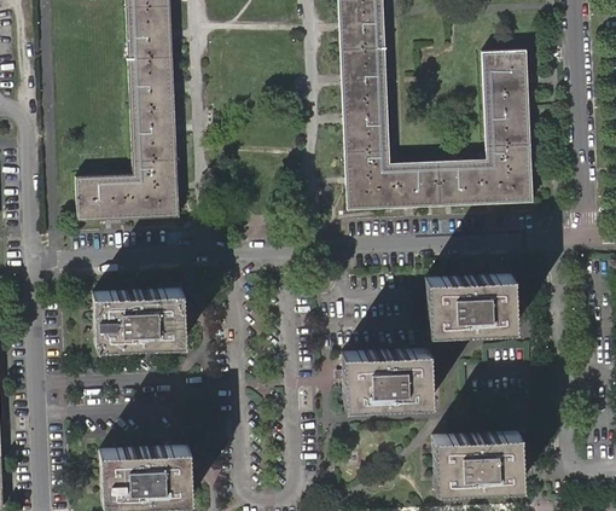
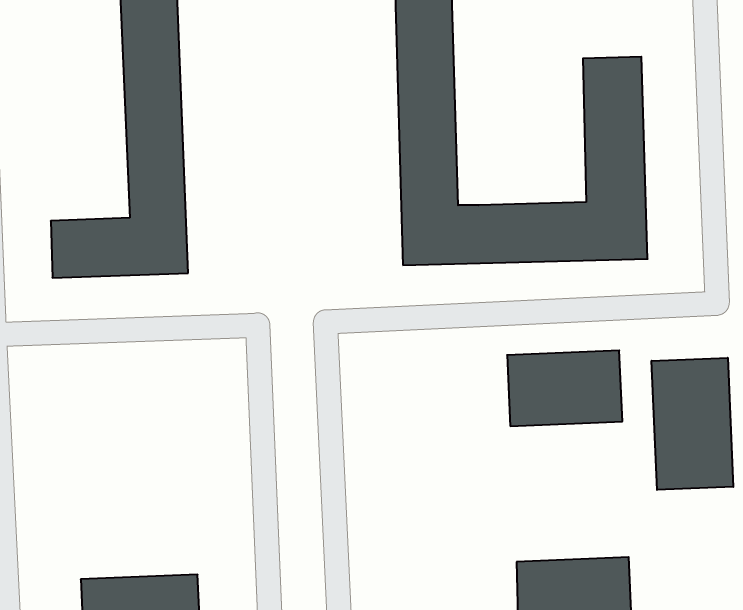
building: none -> [652,358,733,490]
building: [92,289,184,345] -> none
building: [342,349,430,406] -> none

